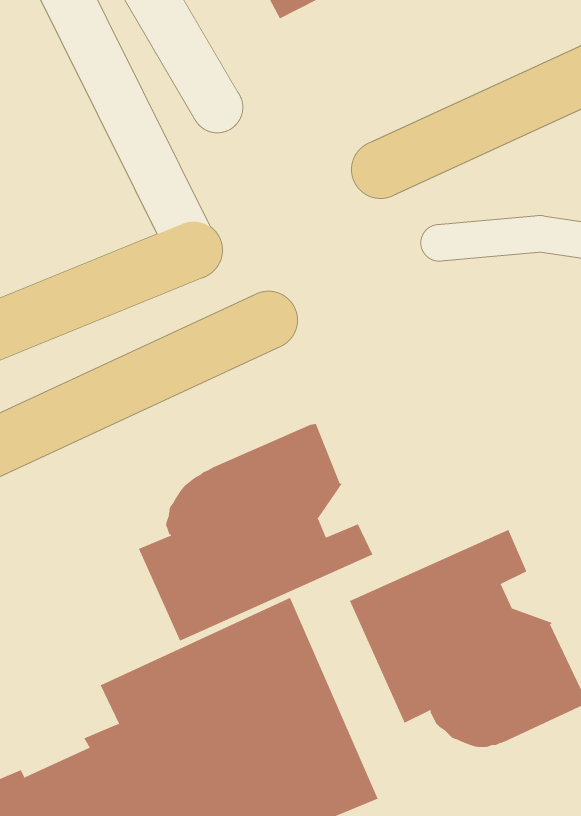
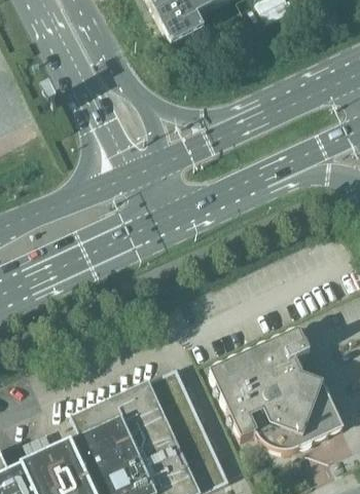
building: [138,423,373,642] -> none

